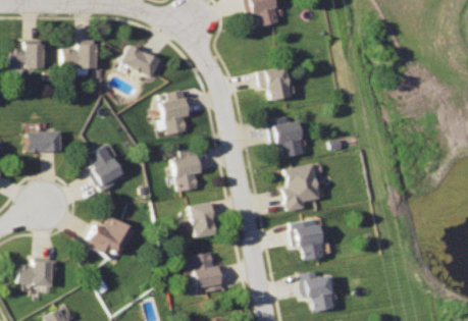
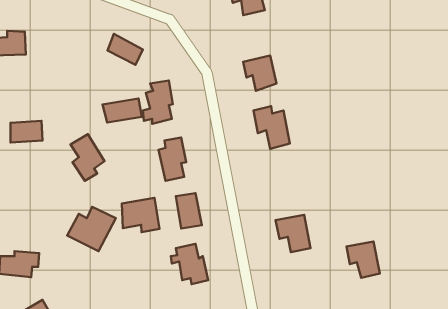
building: [64,45,99,67] -> none
building: none -> [103,99,142,123]
building: [284,163,320,210] -> none
building: none -> [122,198,160,232]
building: [302,274,334,310] -> [347,241,380,278]

